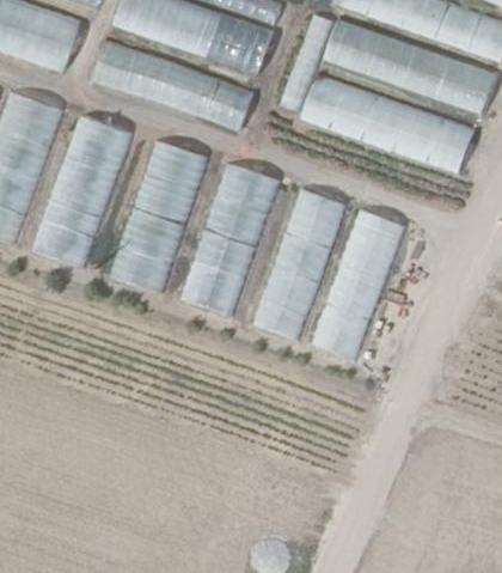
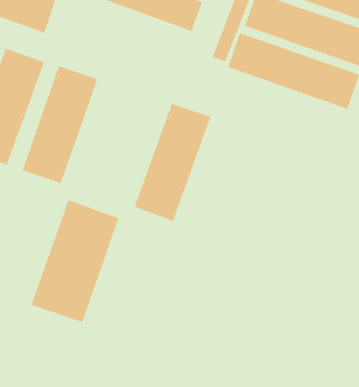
building: [90,39,250,130] -> none
building: [109,140,208,294] -> none
building: [252,185,347,339] -> none
building: [312,209,404,361] -> none
building: none -> [31,199,119,323]

